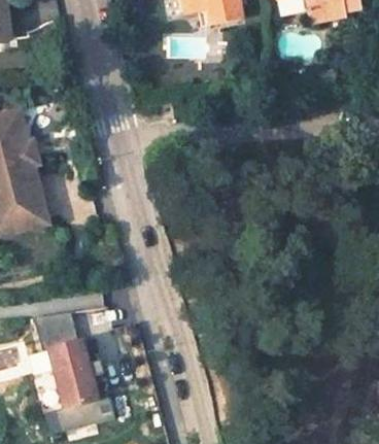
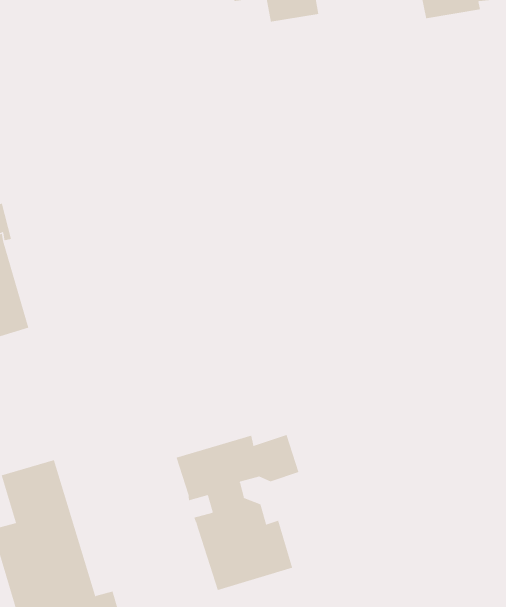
building: none -> [176,434,299,591]

